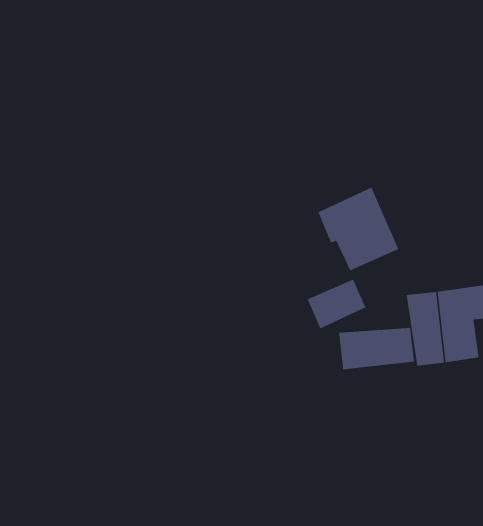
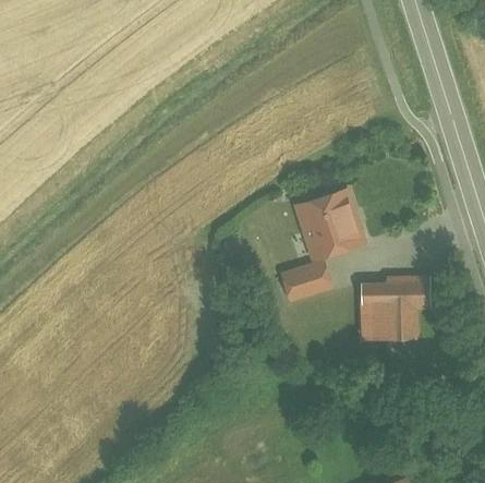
building: [338,327,415,370] -> none

